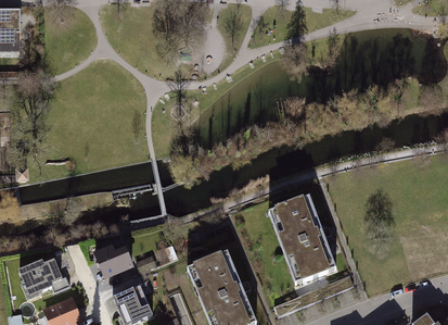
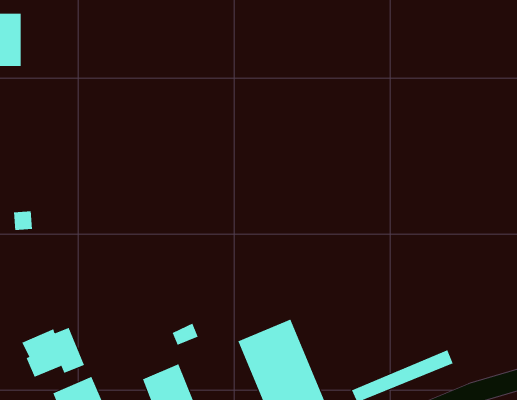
building: [269,199,335,285] -> none
building: [91,240,131,279] -> none

